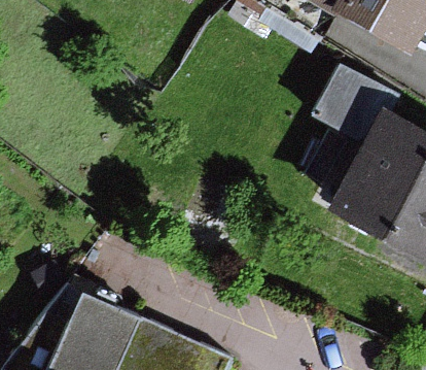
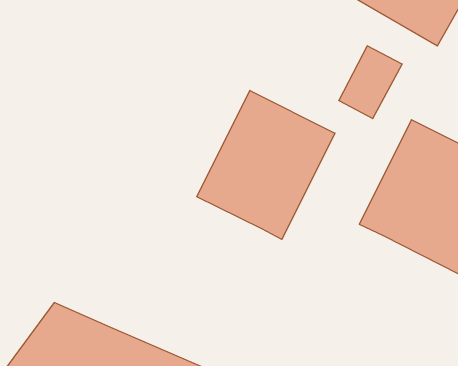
building: none -> [197,90,335,239]

